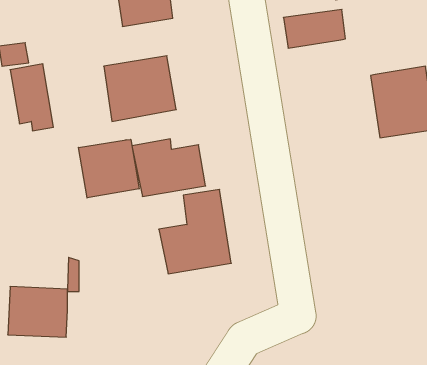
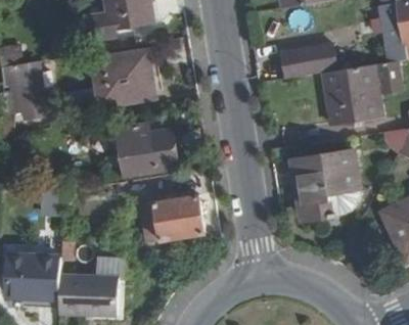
building: [283,9,345,48] -> [274,44,328,78]
building: [78,139,139,198] -> none
building: none -> [293,148,359,223]
building: none -> [57,275,118,318]

